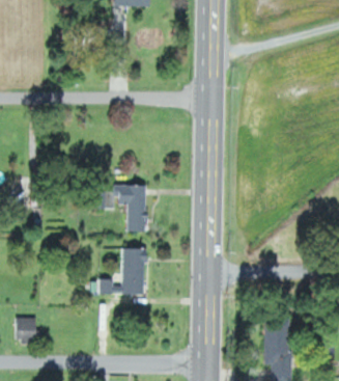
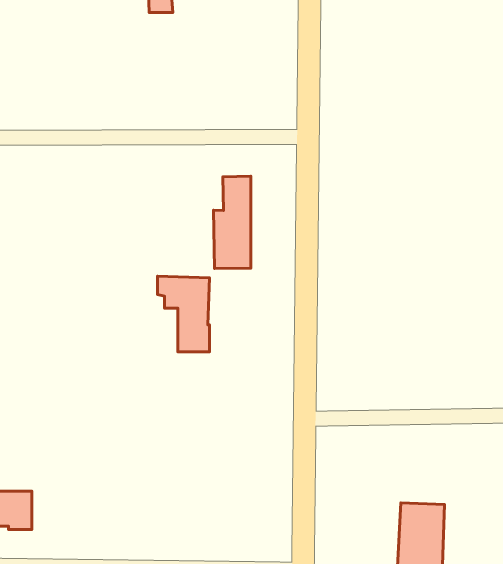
building: none -> [214,176,251,268]
building: [91,248,146,294] -> none

